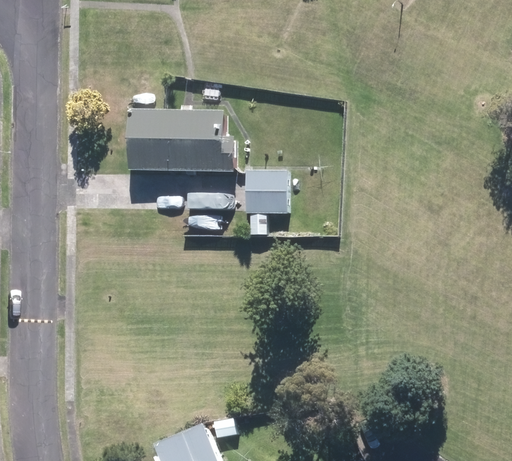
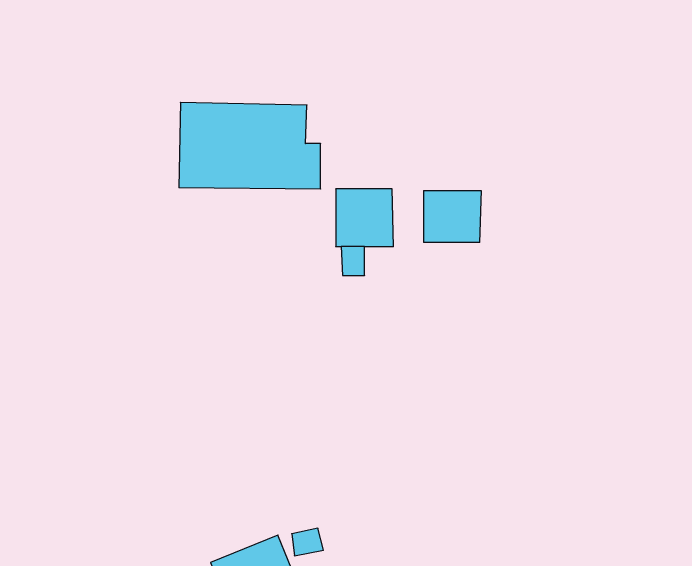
building: none -> [424,191,481,242]

